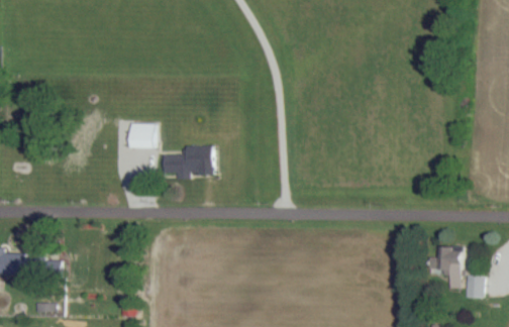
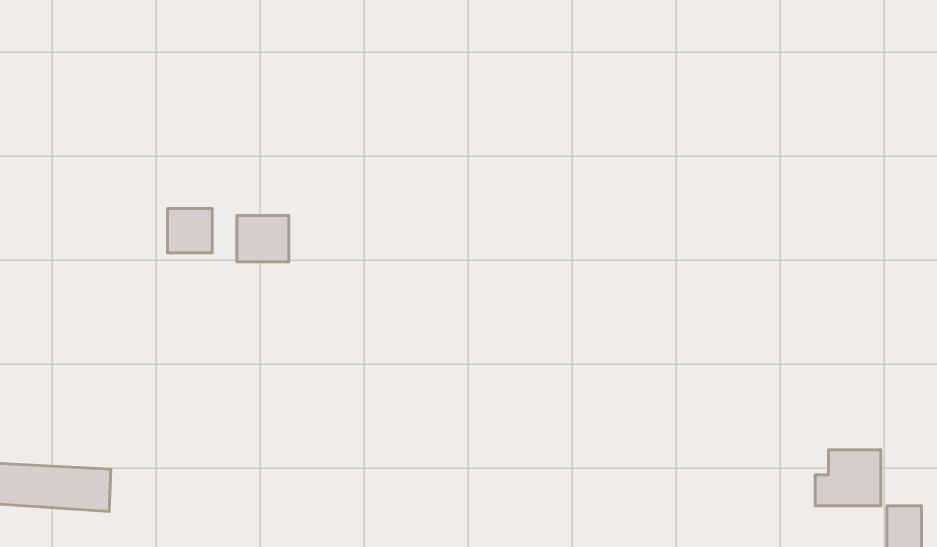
building: none -> [168,209,212,253]
building: [164,153,201,174] -> none

